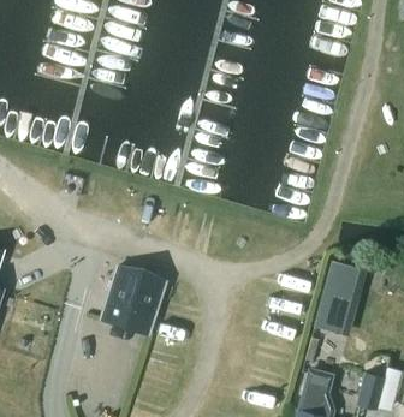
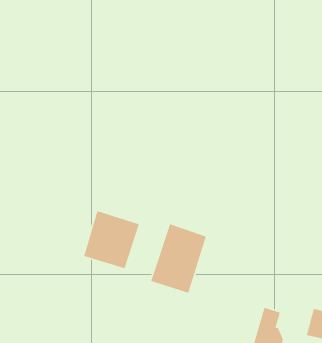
building: [319,263,361,320] -> none
building: none -> [150,223,207,294]

